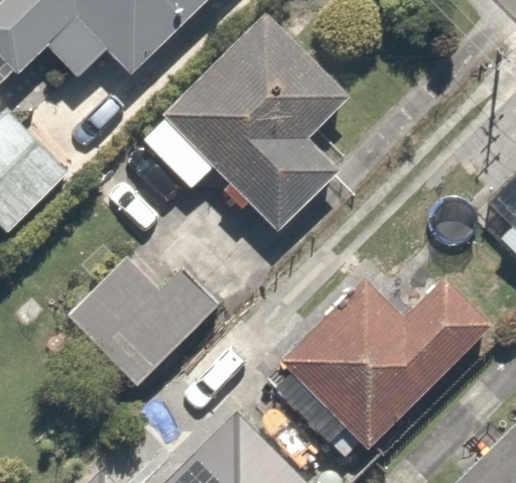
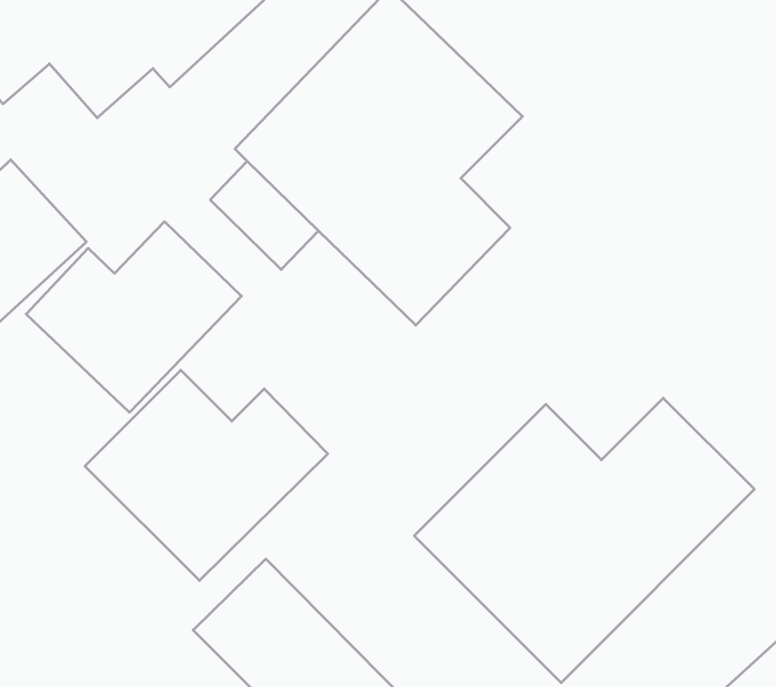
building: none -> [26,222,242,412]

